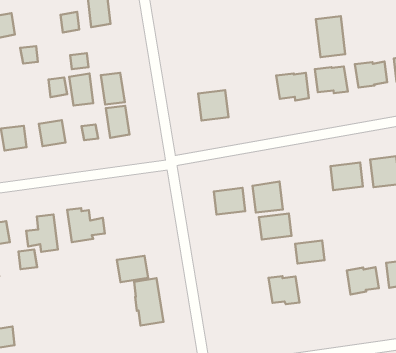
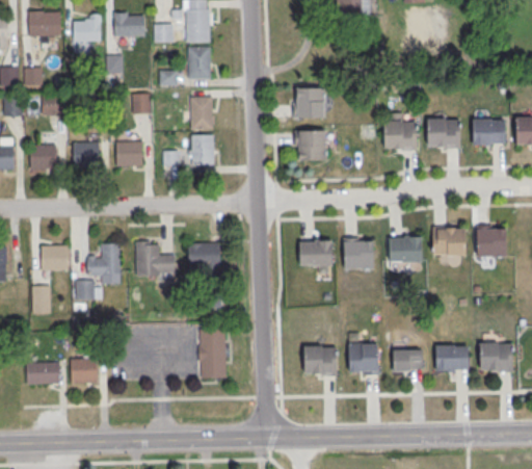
building: none -> [113,12,144,37]
building: [316,16,345,57] -> none
building: none -> [294,87,323,118]
building: [69,73,93,105] -> [187,47,210,80]
building: [259,214,291,239] -> [389,237,422,262]
building: [295,241,324,263] -> [392,349,422,371]
building: [117,256,148,282] -> [188,242,220,268]
building: none -> [303,345,338,376]
building: none -> [71,359,97,384]

